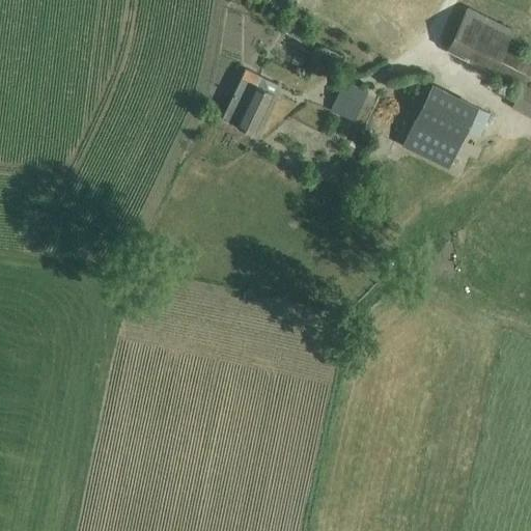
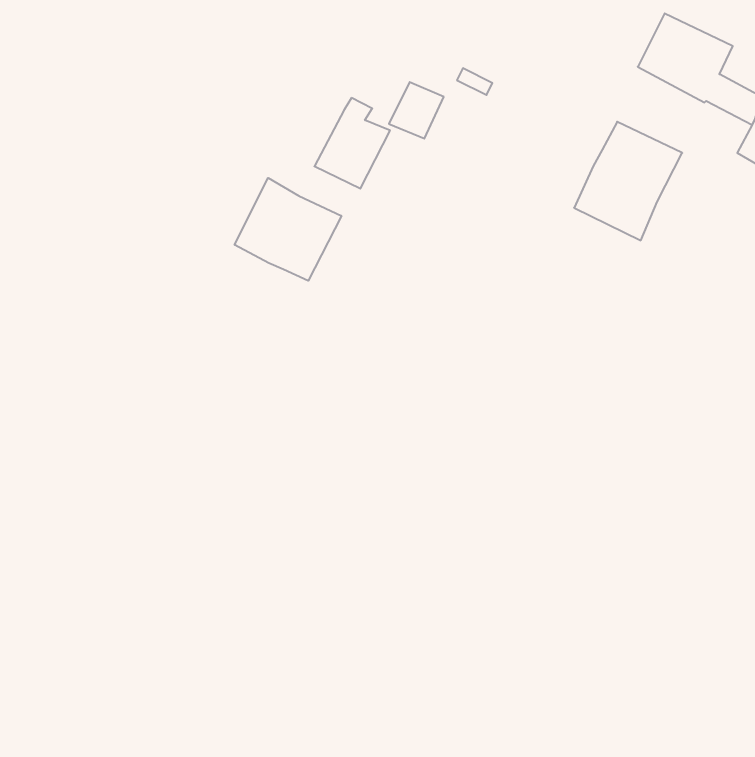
building: [332,84,370,123] -> [389,82,444,139]
building: none -> [235,178,341,281]

